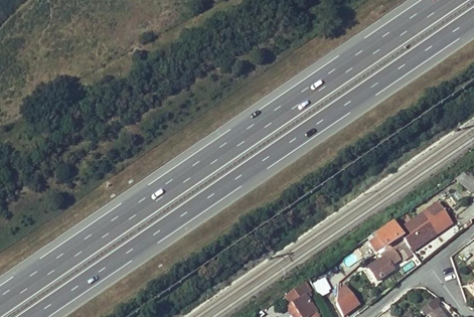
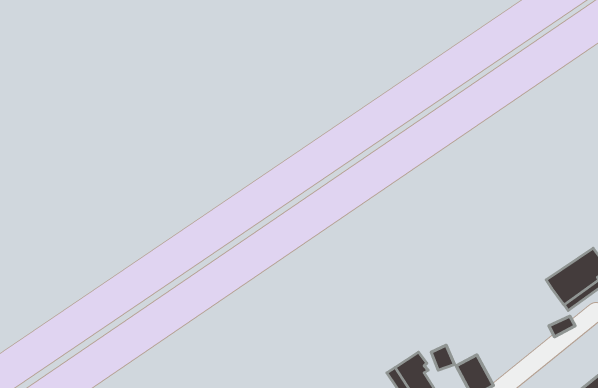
building: [369,221,402,250] -> none
building: [369,249,402,280] -> none

